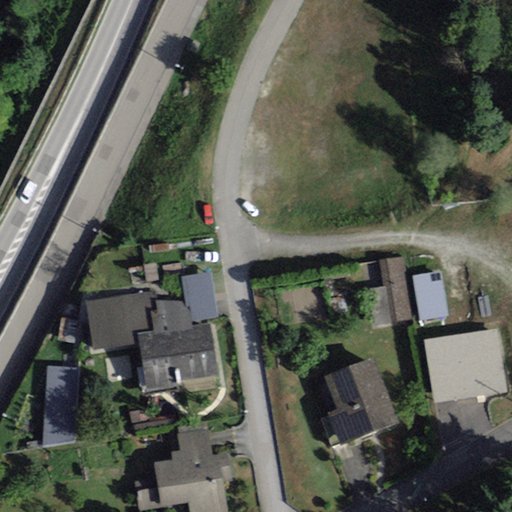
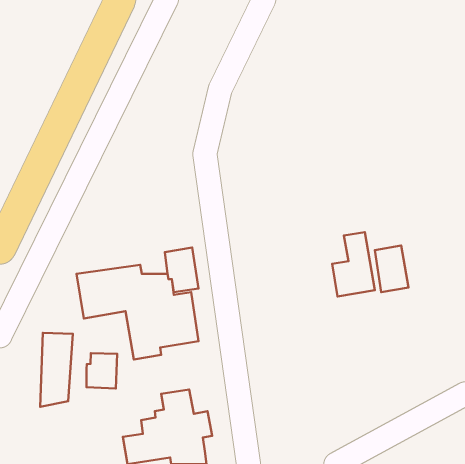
building: [423,328,506,404] -> none
building: [324,357,400,447] -> none
building: none -> [86,353,117,388]

